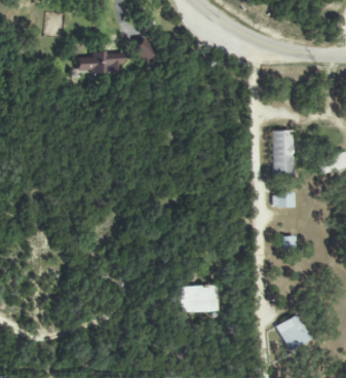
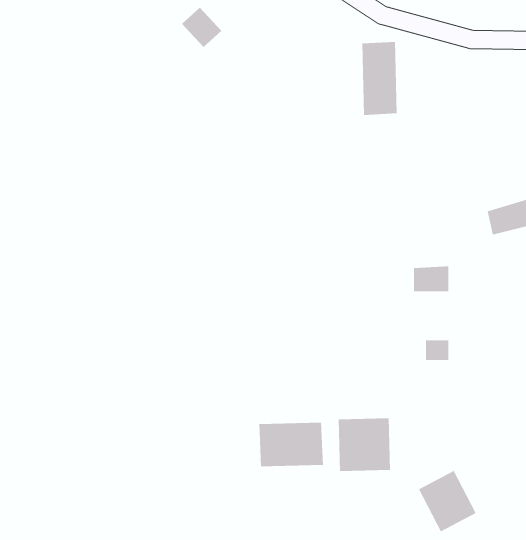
building: [79,51,127,72] -> none
building: [272,129,294,174] -> [362,42,398,115]
building: none -> [338,418,391,472]

